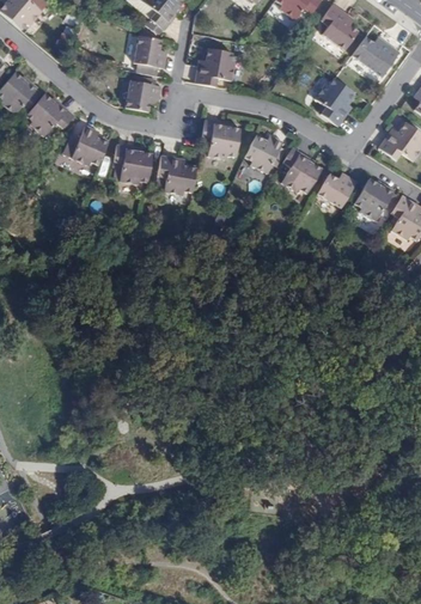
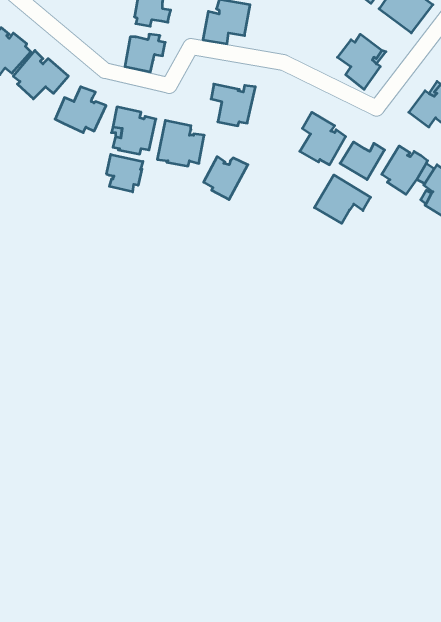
building: [243,134,282,172] -> [204,157,248,200]
building: none -> [107,154,143,192]
building: none -> [314,175,371,223]

